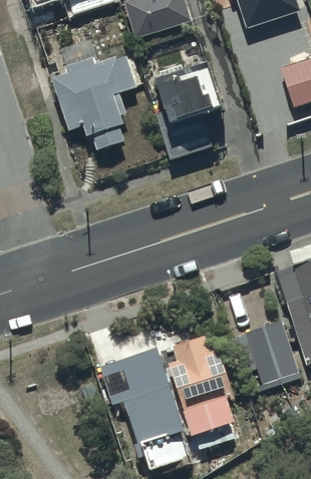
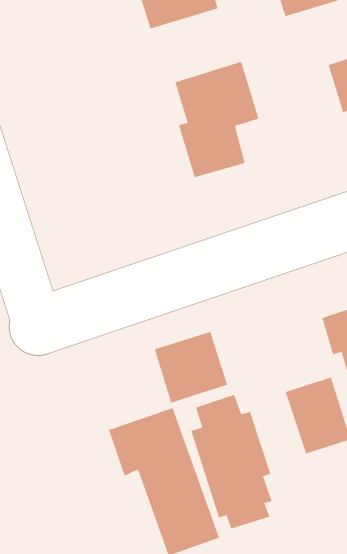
building: [51,42,123,150] -> none
building: none -> [154,331,228,404]

